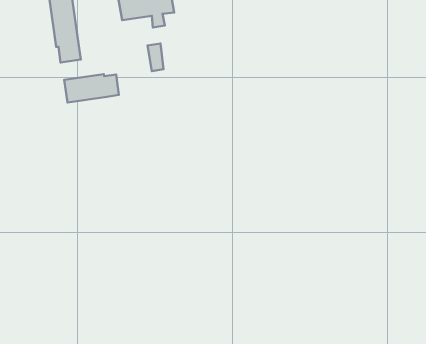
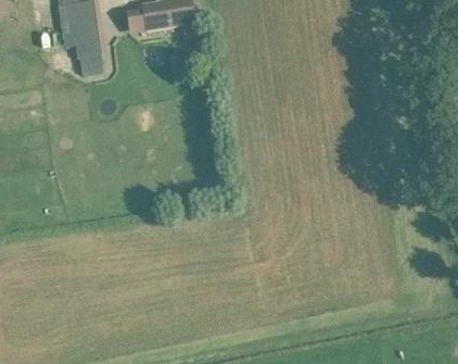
building: [64,74,119,102] -> none

